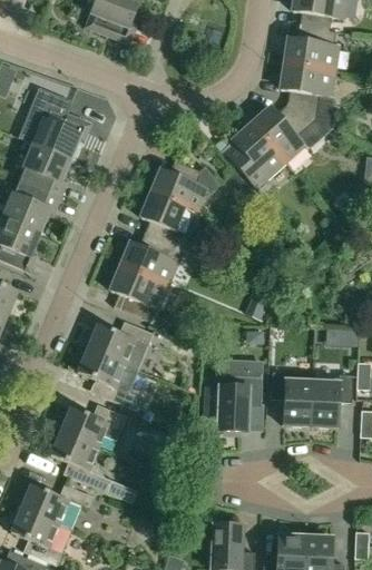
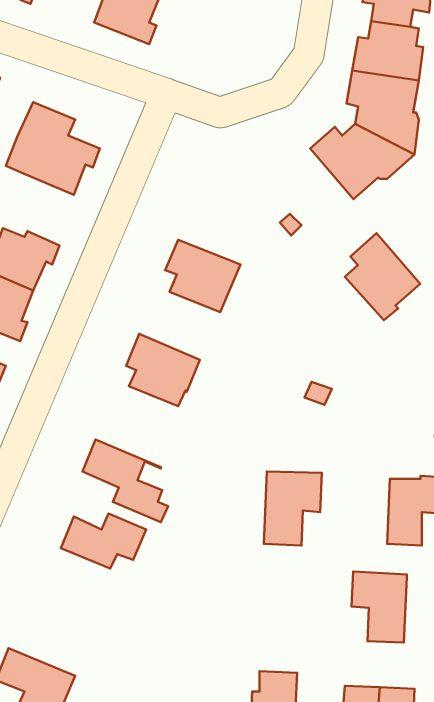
building: [227,124,285,190] -> [345,233,420,320]
building: [19,144,70,198] -> none
building: [150,160,221,213] -> none
building: [120,234,183,286] -> none
building: [87,321,153,368] -> none
building: [271,373,313,428] -> [352,572,407,643]
building: [50,431,136,502] -> none
building: [20,484,92,529] -> none

